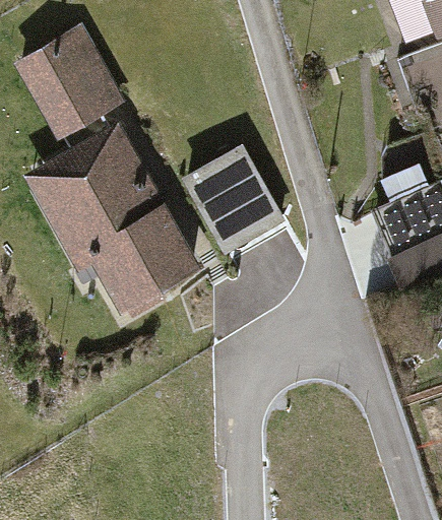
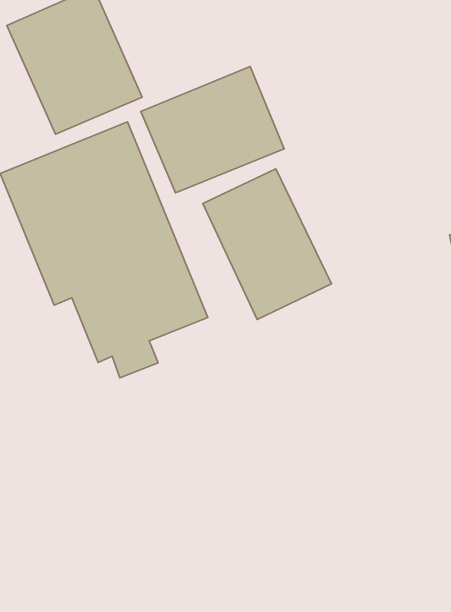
building: none -> [141,67,284,193]

